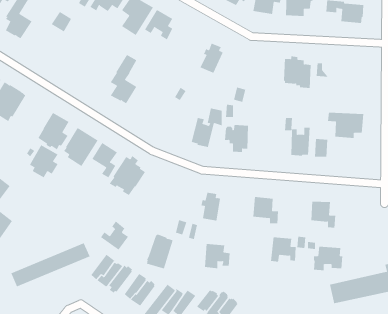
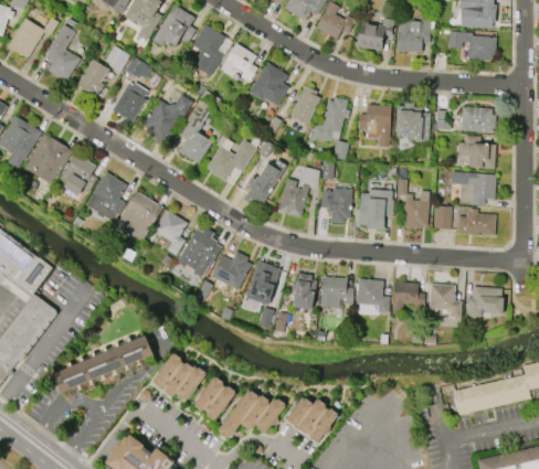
building: none -> [112,57,152,124]
building: none -> [76,60,108,102]
building: none -> [249,63,288,107]
building: none -> [142,95,192,147]
building: none -> [311,97,349,142]
building: none -> [358,106,390,148]
building: none -> [459,107,496,134]
building: none -> [205,135,261,185]
building: none -> [454,138,492,171]
building: none -> [242,159,286,211]
building: none -> [358,190,393,231]
building: none -> [456,210,495,237]
building: [29,145,58,178] -> [60,154,96,196]
building: none -> [211,252,251,291]
building: [100,221,129,251] -> none
building: [146,234,173,269] -> [245,262,279,306]
building: [270,237,297,262] -> [391,281,424,313]
building: [204,243,230,269] -> [320,277,353,309]
building: [313,246,343,271] -> [466,287,504,318]

